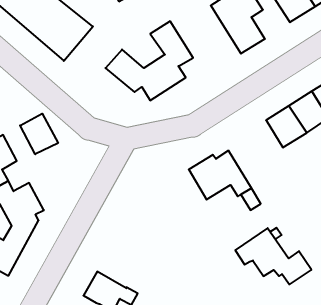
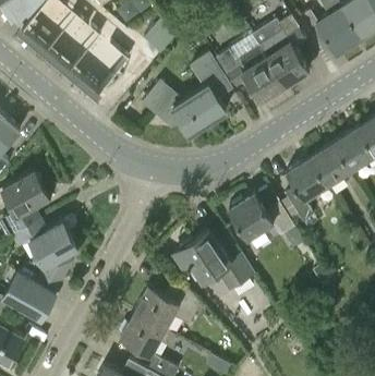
building: none -> [216,36,283,101]
building: [20,114,58,154] -> none
building: none -> [286,156,327,221]
building: [235,228,311,284] -> [173,231,253,290]
building: none -> [133,283,201,331]

